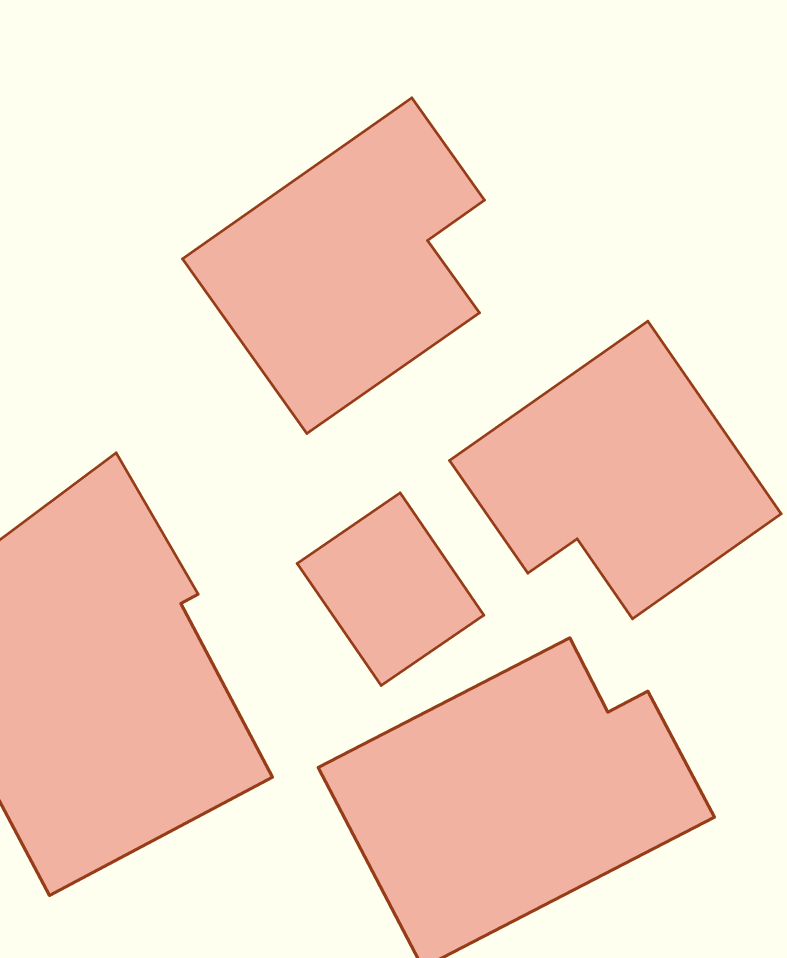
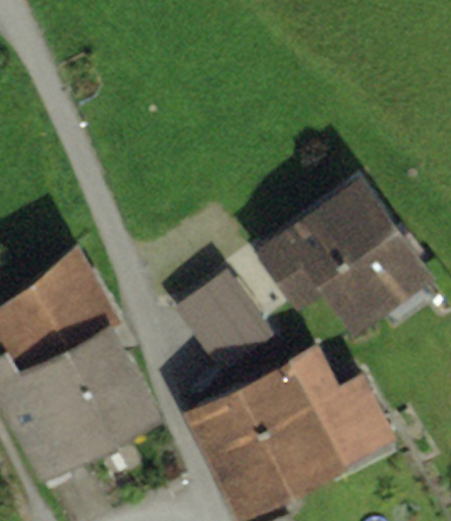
building: [182,98,484,434] -> none

